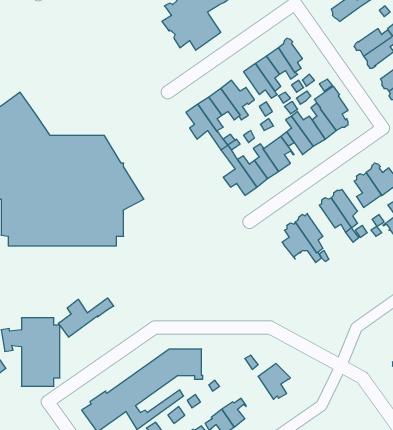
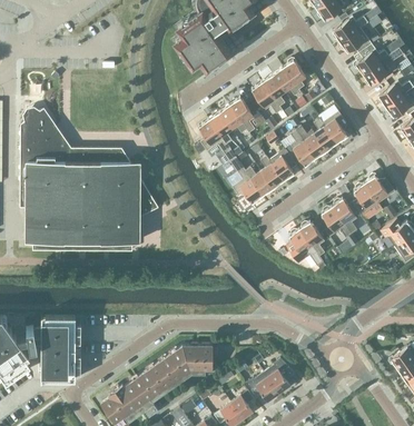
building: none -> [341,29,373,55]
building: [58,298,114,337] -> none
building: none -> [247,373,279,402]

